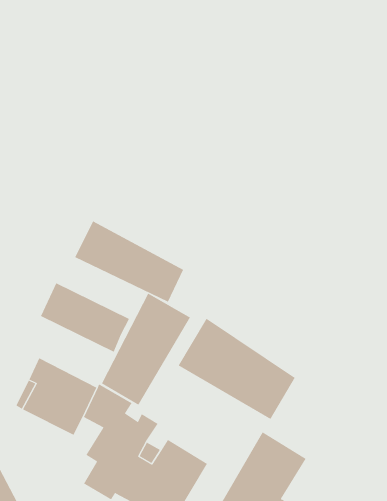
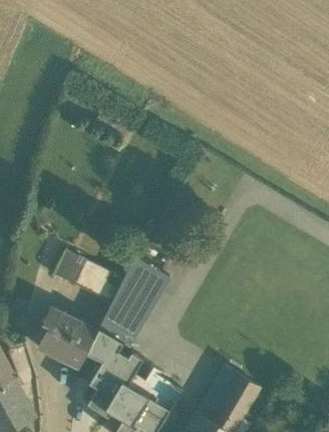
building: [75,220,184,302] -> none
building: [178,318,296,420] -> none

